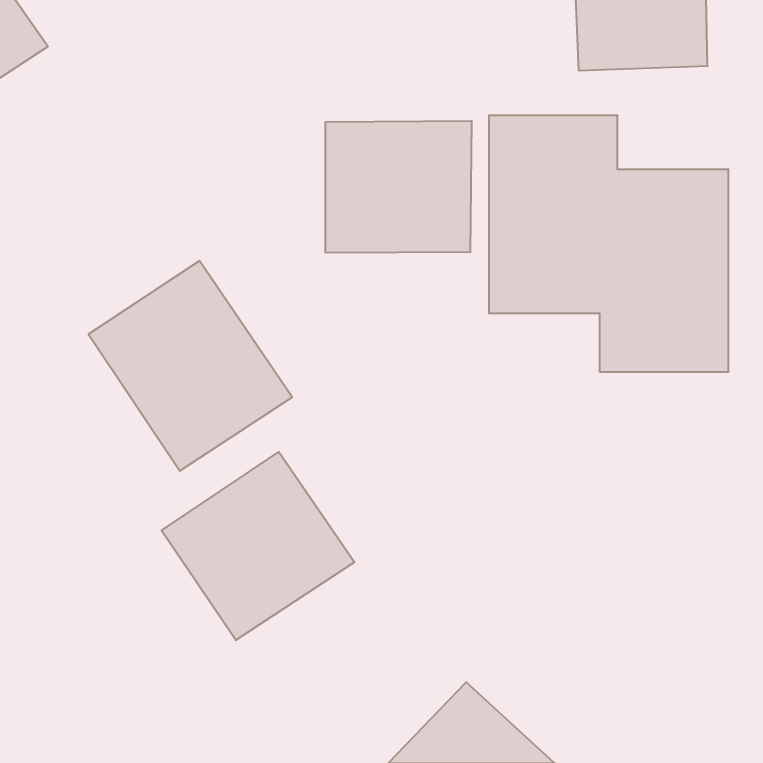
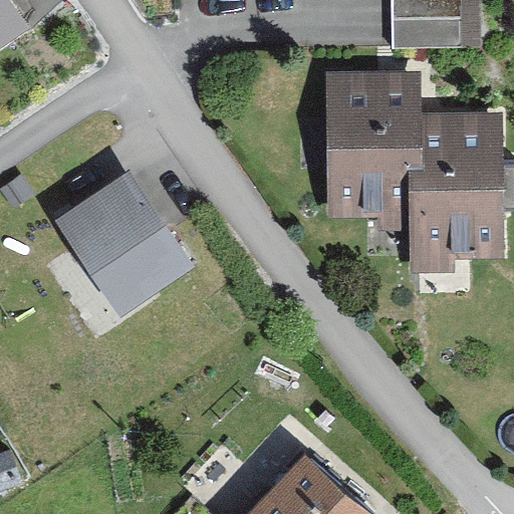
building: [326,121,472,253] -> none
building: [162,452,354,640] -> none

